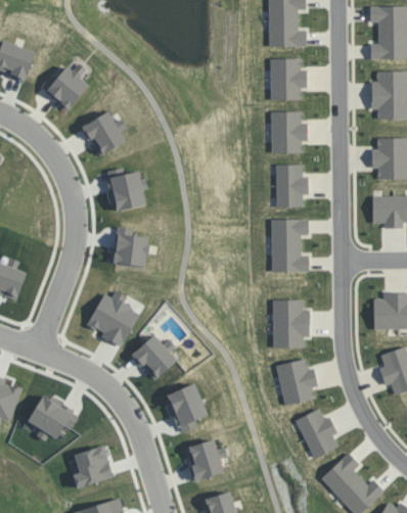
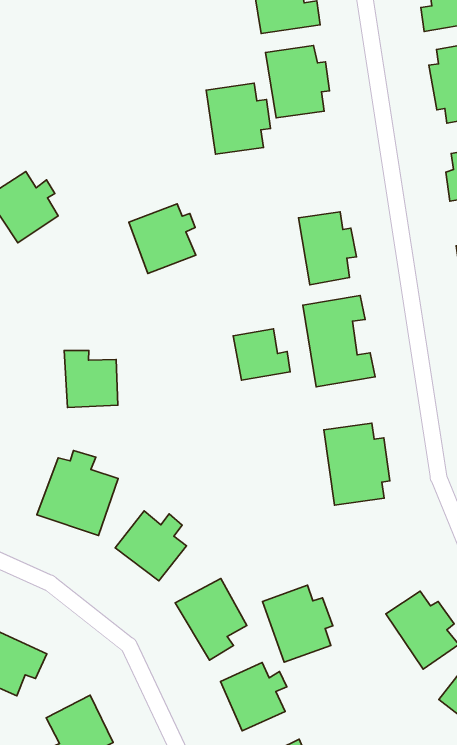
building: [270,111,307,152] -> [206,83,270,154]
building: [106,171,147,212] -> [129,204,196,273]
building: none -> [233,329,290,380]
building: [275,359,317,405] -> [262,585,333,662]

